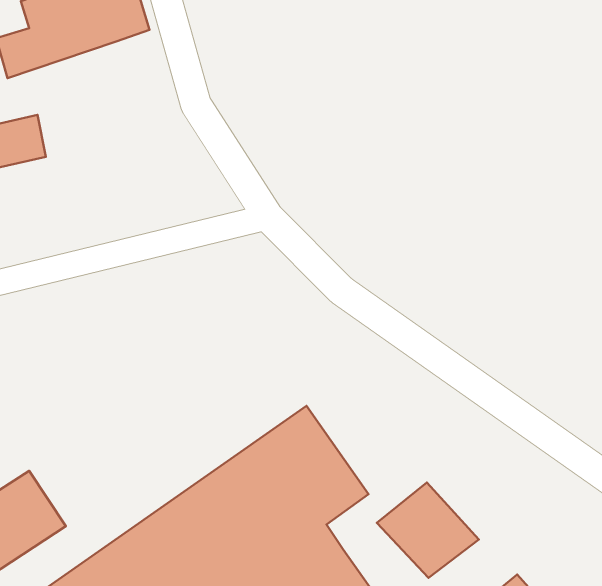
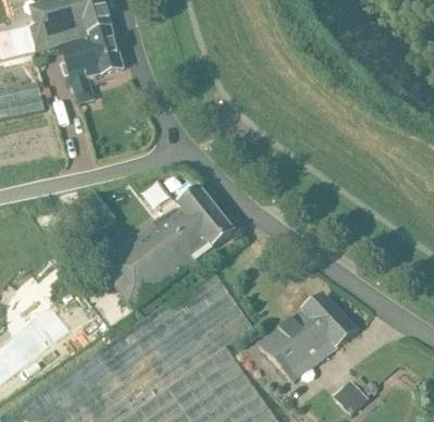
building: none -> [60,32,122,87]
building: none -> [101,190,233,313]
building: none -> [290,297,357,359]

